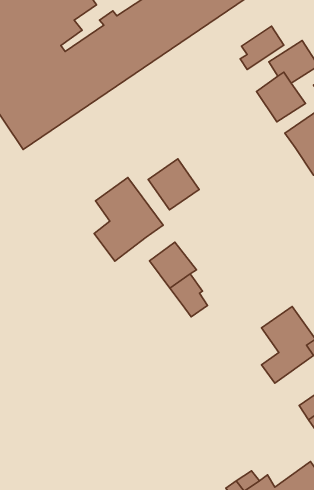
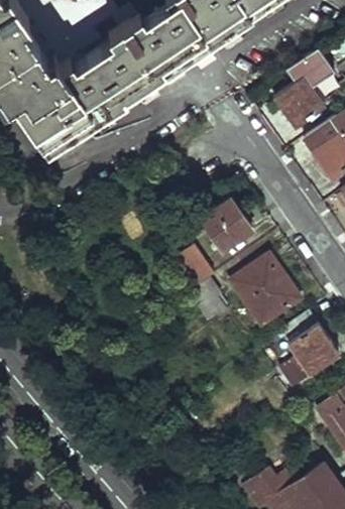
building: [240,26,284,70] -> none
building: [148,159,199,210] -> [202,200,252,250]
building: [94,177,163,261] -> none
building: none -> [231,262,301,325]

